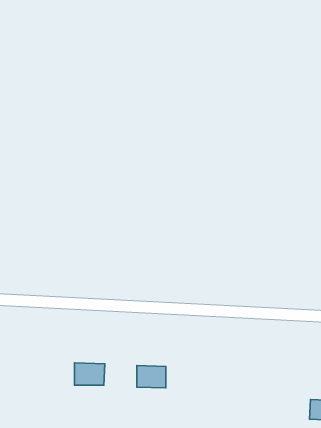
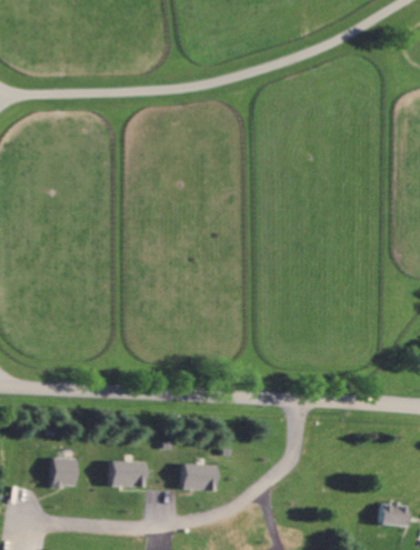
building: none -> [51,457,76,487]

